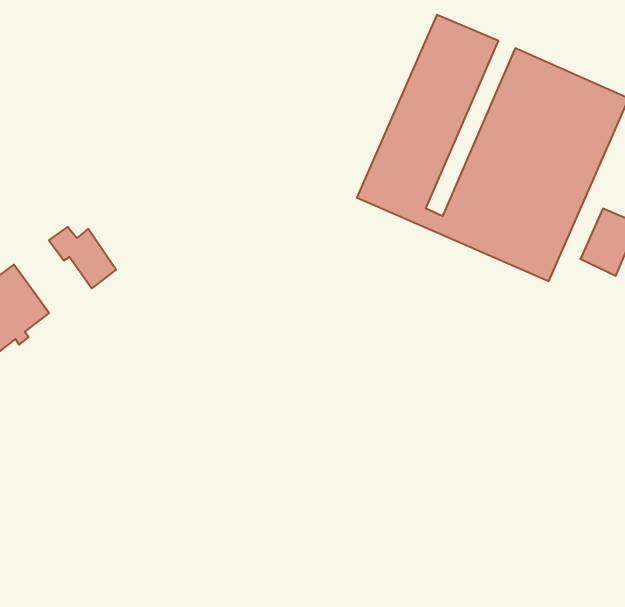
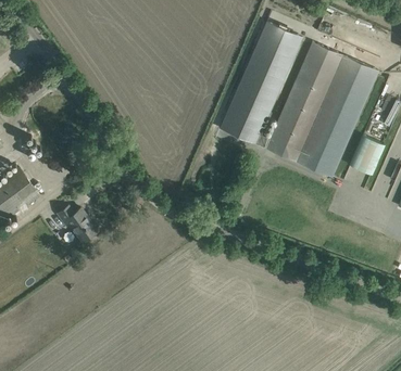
building: [49,227,116,288] -> [58,205,97,241]

